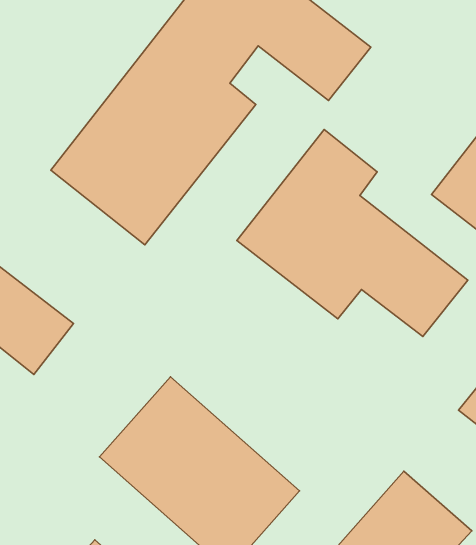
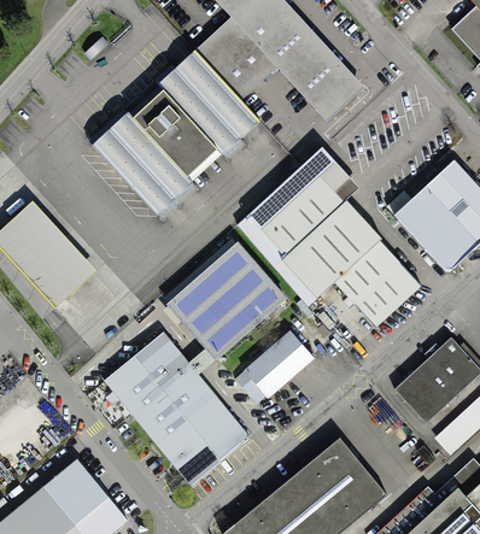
building: none -> [171,241,293,360]
building: none -> [240,328,316,400]

